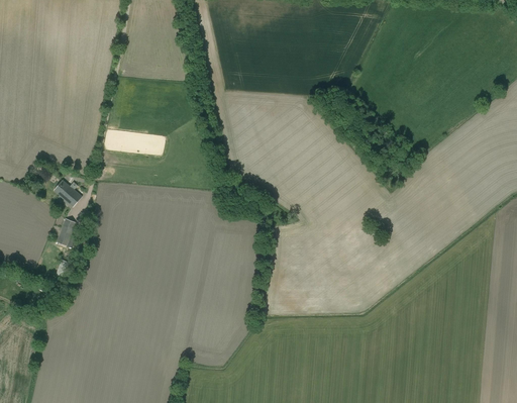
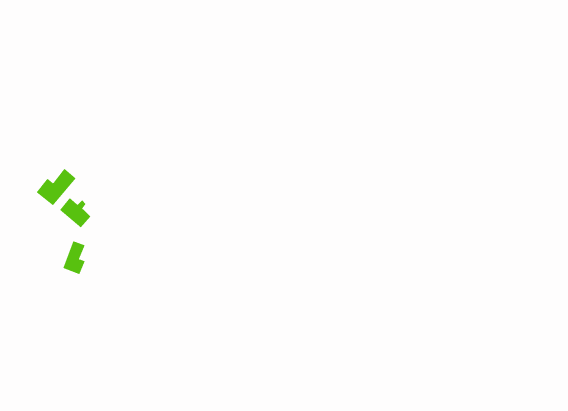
building: none -> [36,168,76,206]

